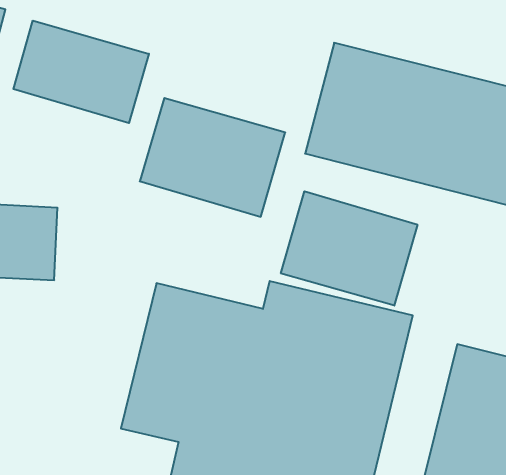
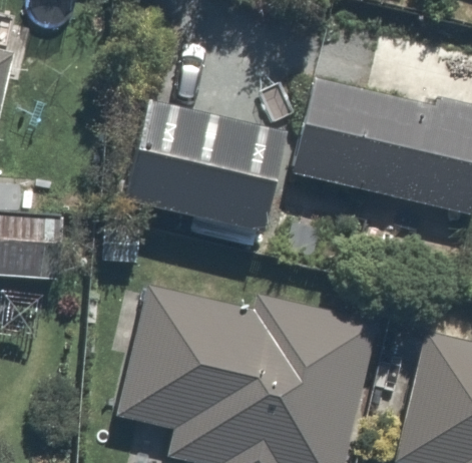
building: [13,21,149,123] -> none
building: [281,191,417,306] -> none

